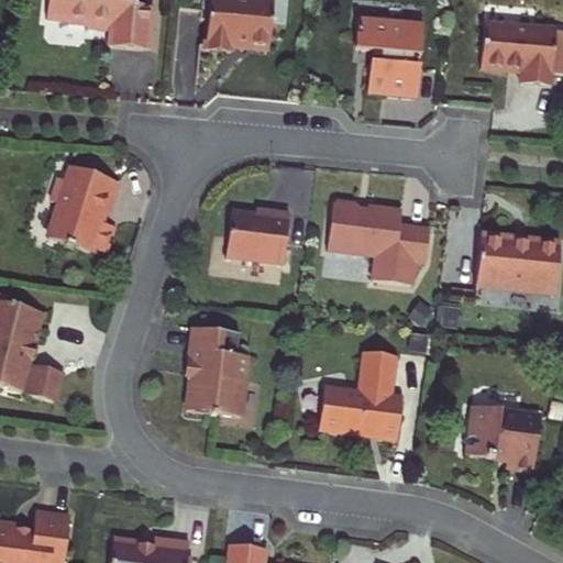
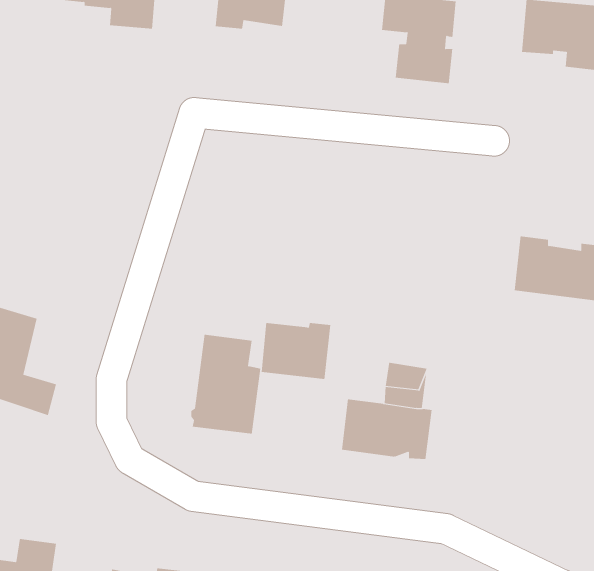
building: [47,163,119,247] -> none
building: [327,205,428,286] -> none
building: [213,208,277,260] -> [261,322,331,380]
building: [468,401,544,467] -> none

